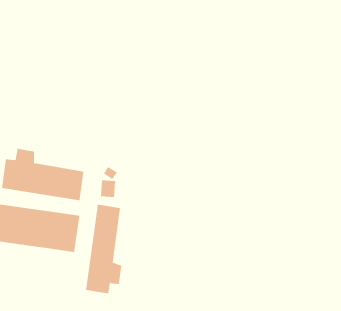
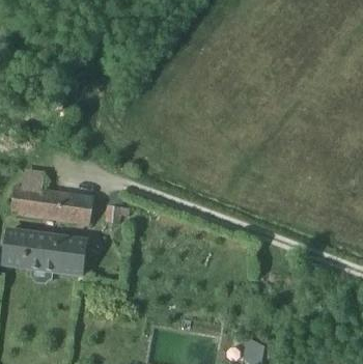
building: [85,204,122,294] -> none

